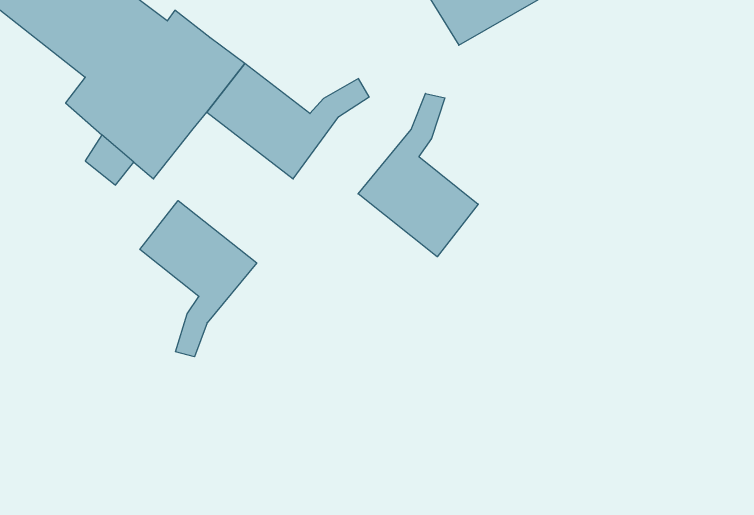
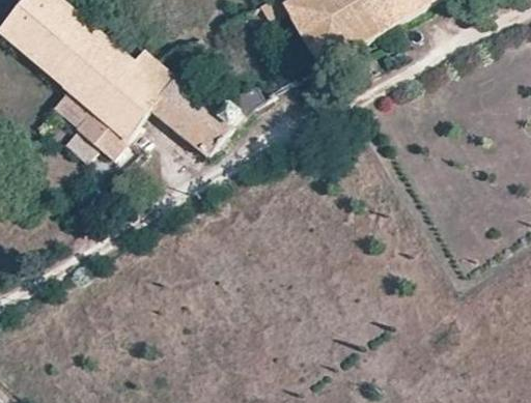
building: [358,93,478,257] -> none
building: [140,201,257,357] -> none

